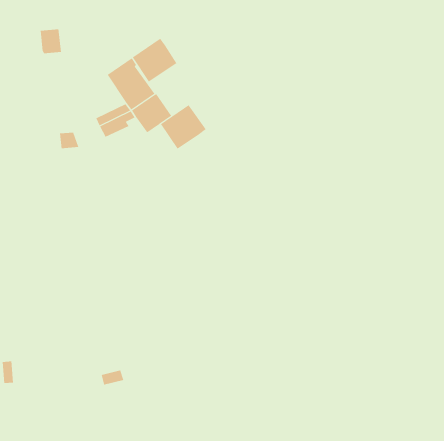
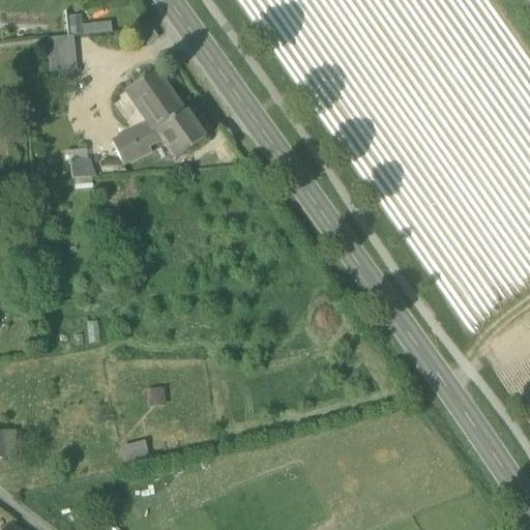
building: none -> [67,10,111,31]
building: [132,38,177,82] -> none
building: [160,104,206,149] -> none

